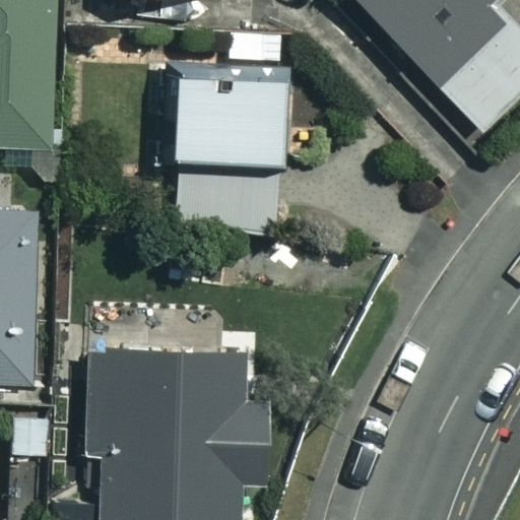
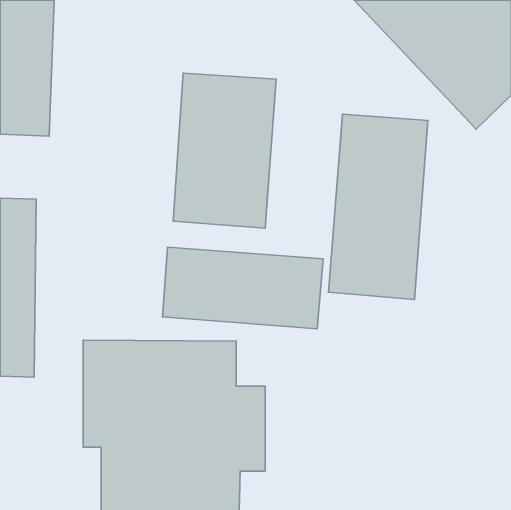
building: none -> [328,114,428,300]
building: none -> [162,247,323,329]

